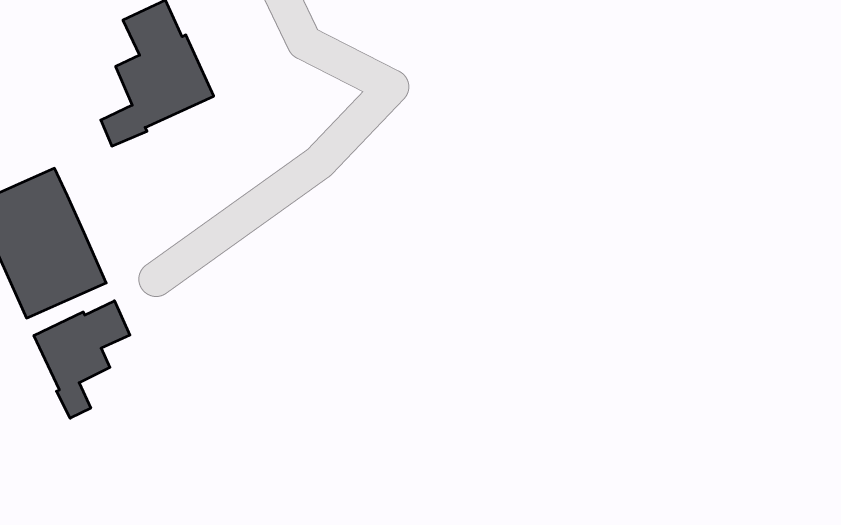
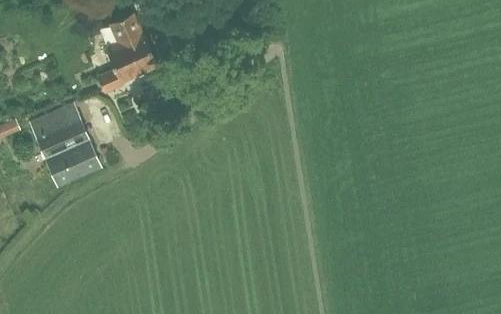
building: [34,301,130,418] -> none

